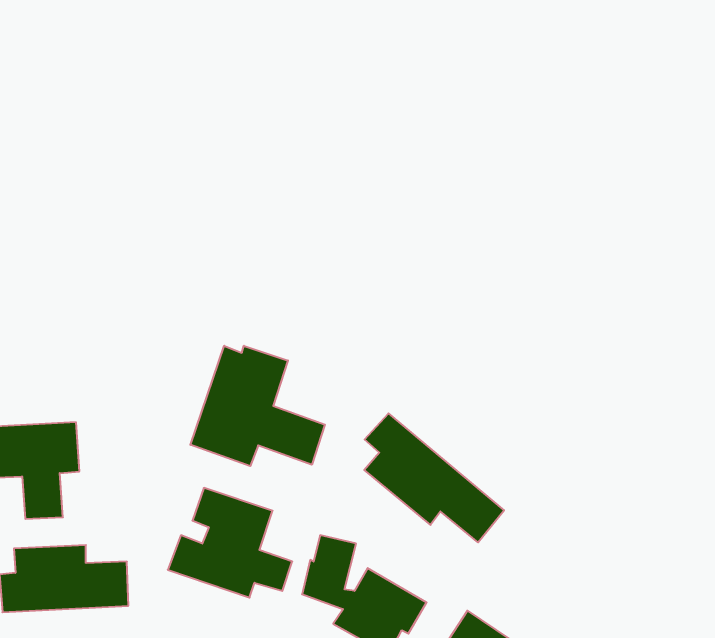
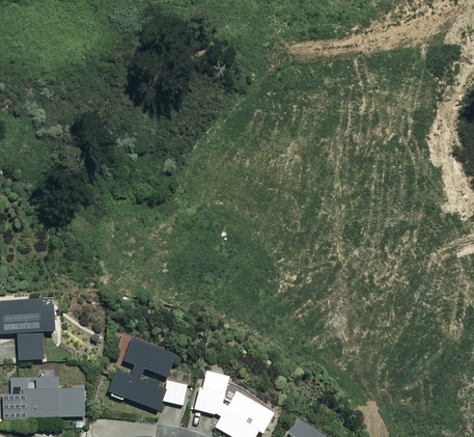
building: [190,346,325,466] -> none
building: [364,413,504,542] -> none

